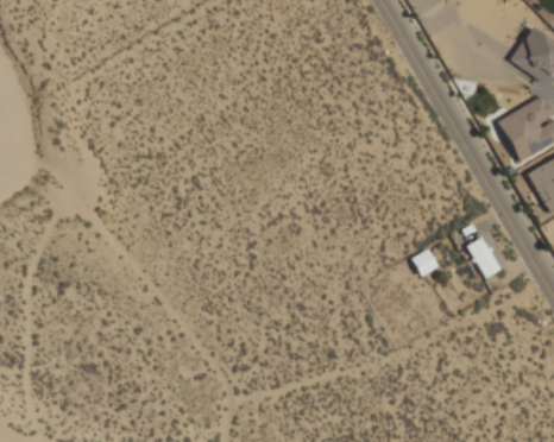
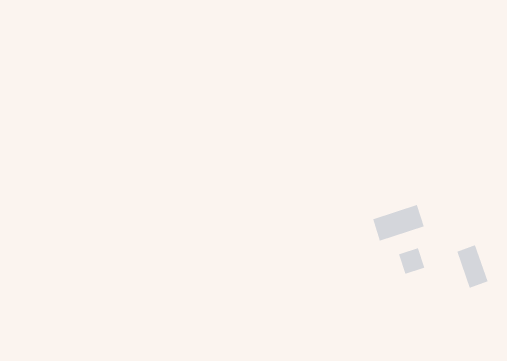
building: none -> [372,204,424,241]

